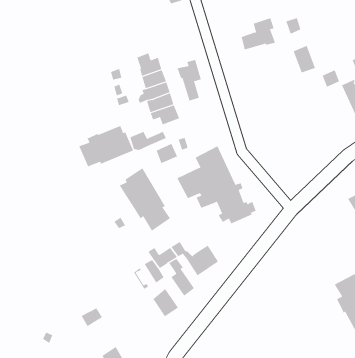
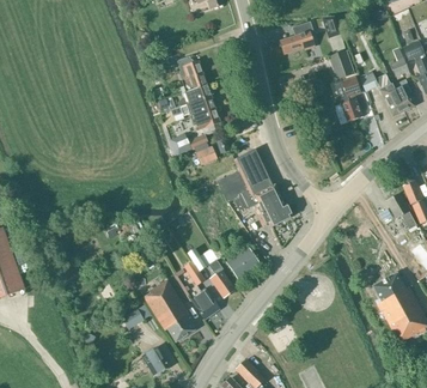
building: [177,59,201,102] -> none
building: none -> [334,77,361,122]
building: [78,125,134,167] -> none
building: [119,168,171,232] -> [144,279,195,342]

